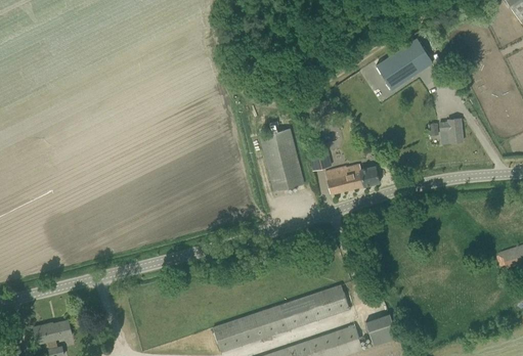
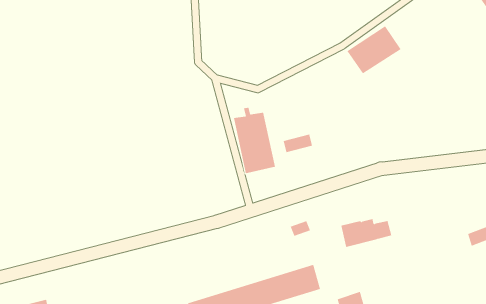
building: [439,118,463,144] -> none
building: [325,165,379,194] -> [340,219,392,247]

